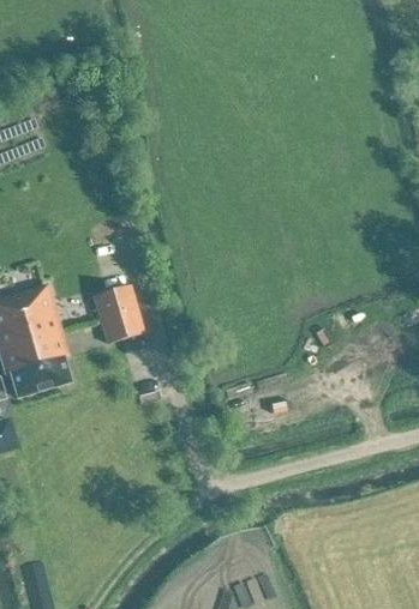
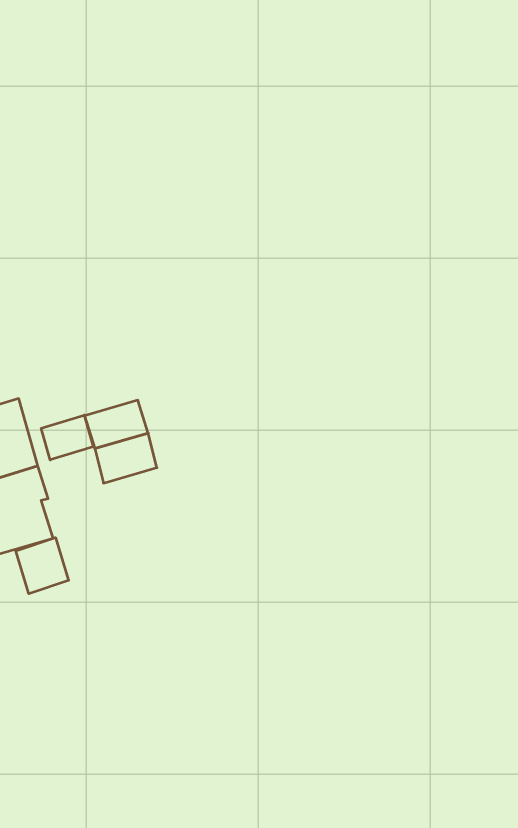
building: none -> [41,415,93,460]
building: none -> [16,538,69,594]

